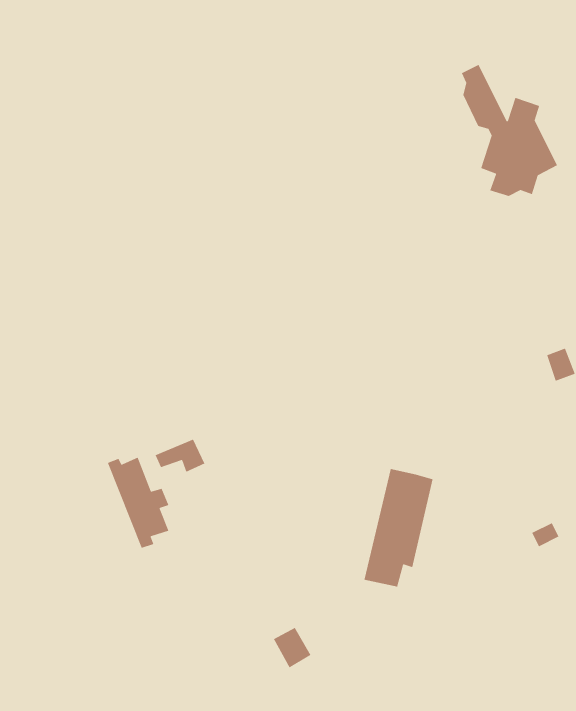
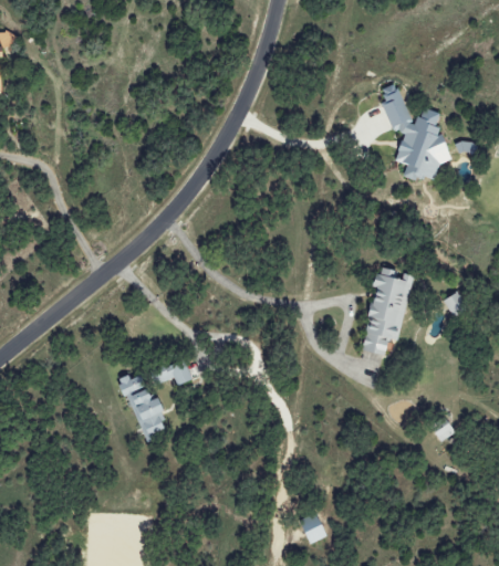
building: [363,468,434,588] -> [361,268,413,356]
building: [273,627,312,669] -> [299,513,328,544]

